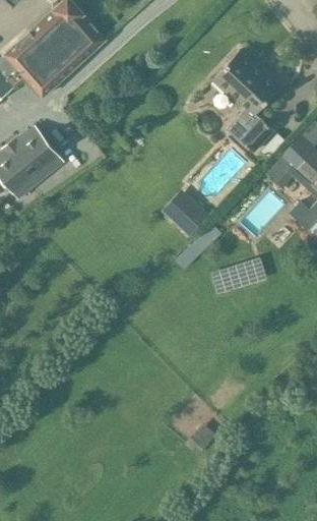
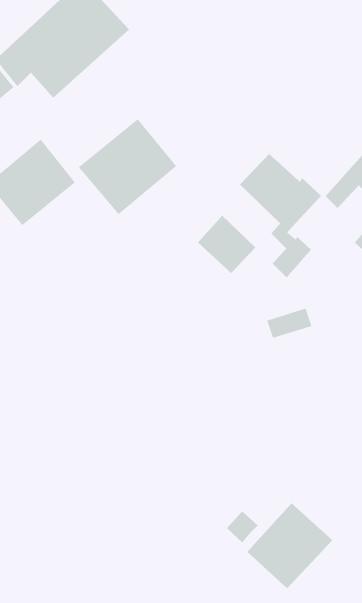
building: [214,50,281,152] -> [239,153,322,279]
building: none -> [78,118,177,215]
building: none -> [247,503,333,589]

